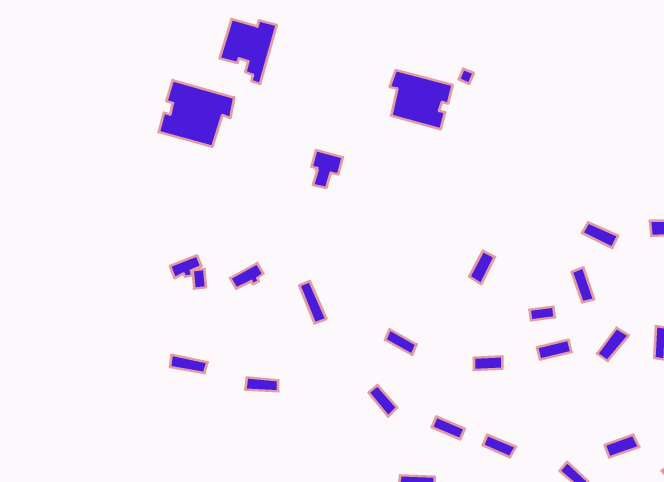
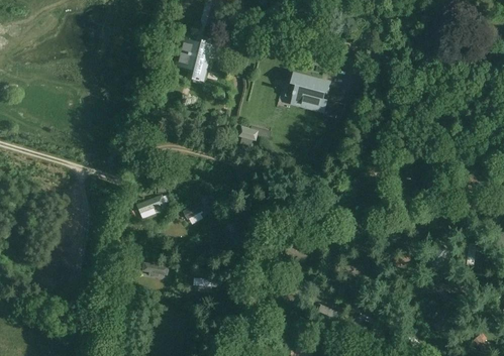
building: [159,80,234,147] -> none

